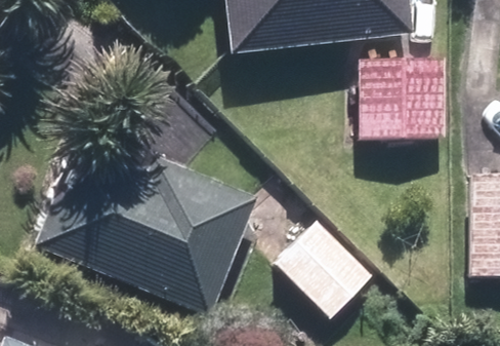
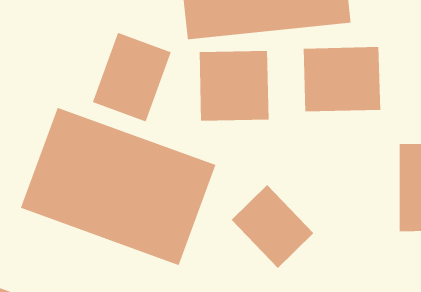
building: none -> [92,32,172,123]
building: none -> [199,50,270,122]

